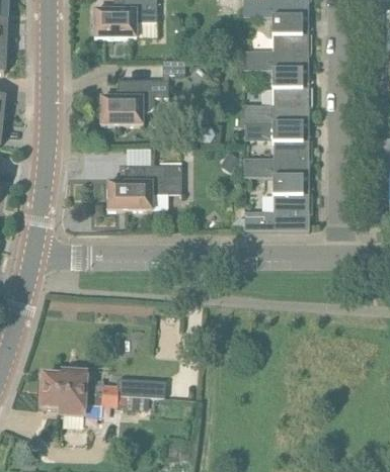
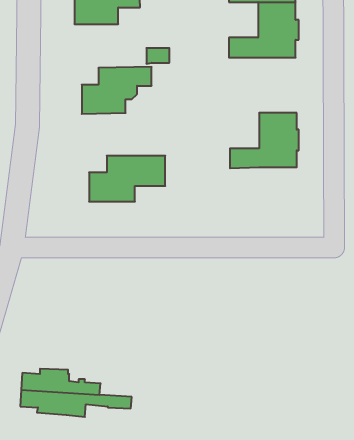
building: [243,69,311,122] -> none
building: [244,175,312,229] -> none
building: [118,378,165,398] -> none

